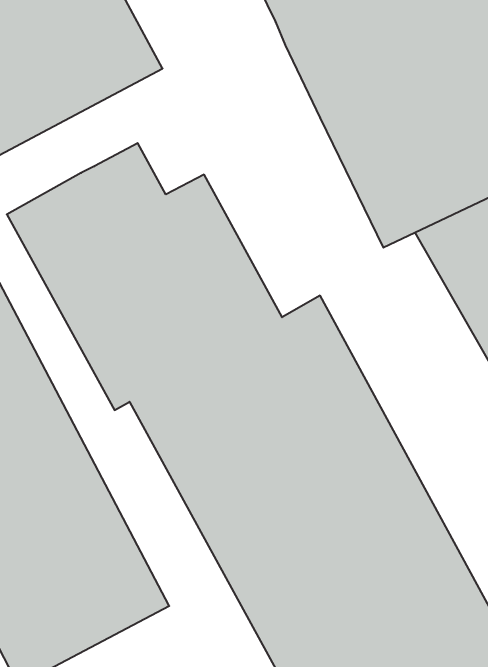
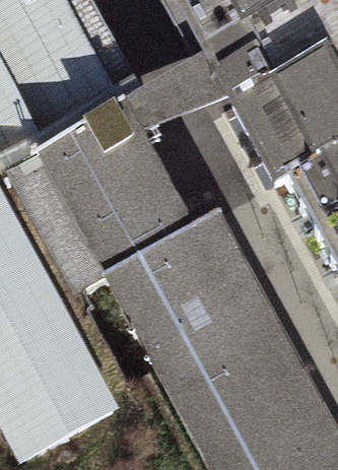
building: none -> [106,57,217,148]

